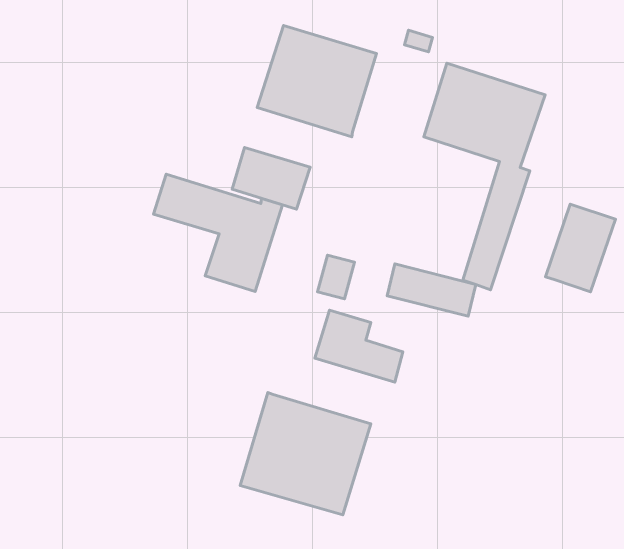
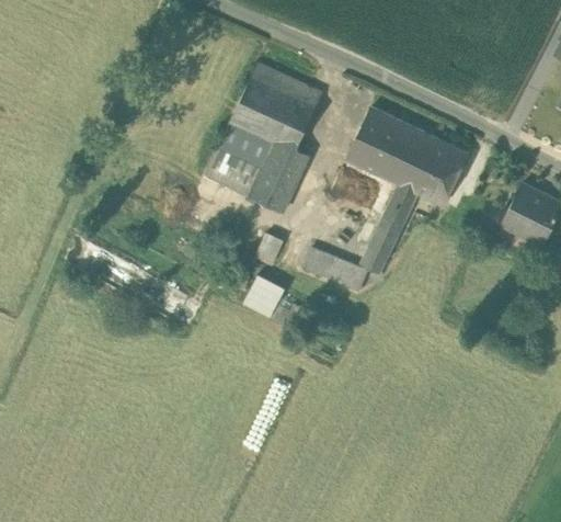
building: [154,174,282,292] -> [217,120,310,213]
building: [546,204,615,292] -> [412,140,468,205]
building: [240,392,371,515] -> none

